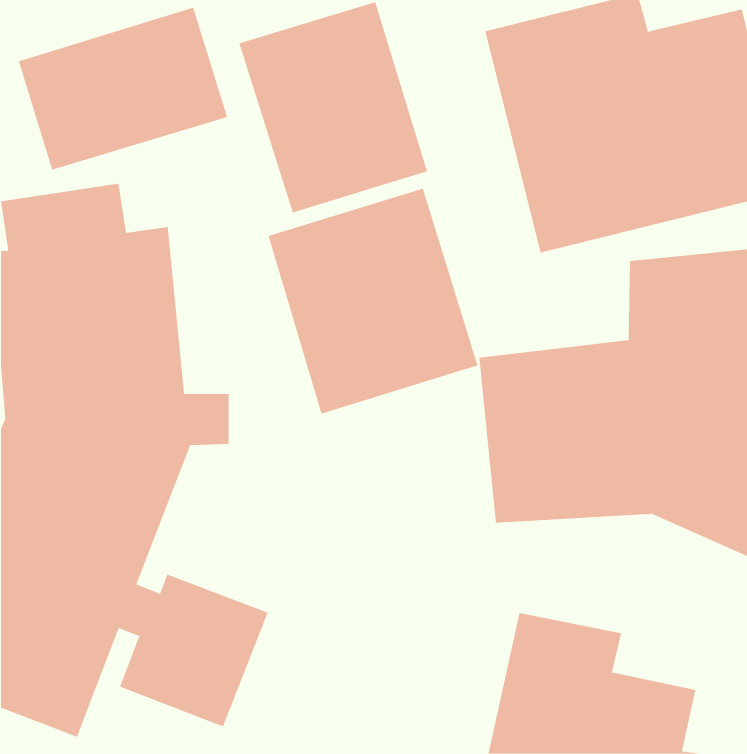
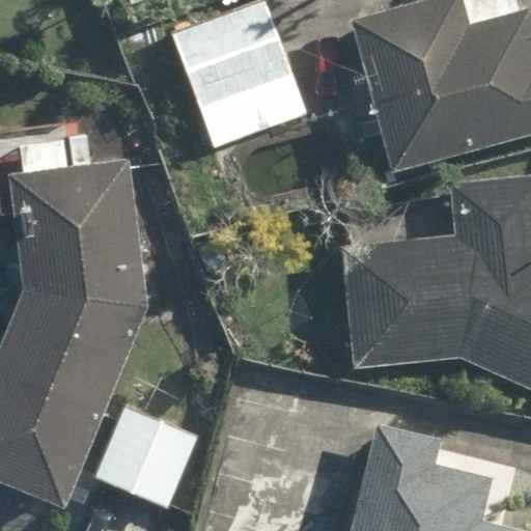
building: [18,7,228,170] -> none
building: [268,188,478,415] -> none

